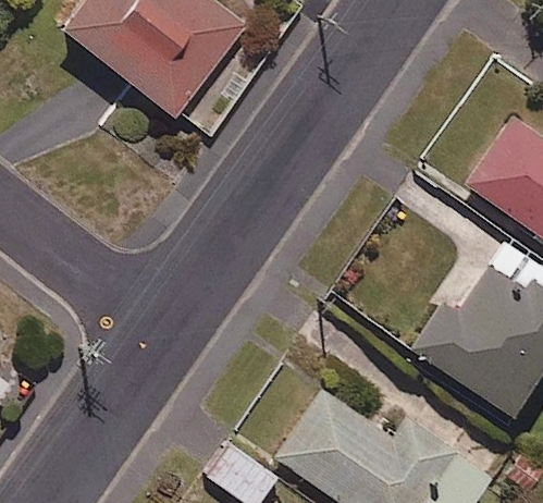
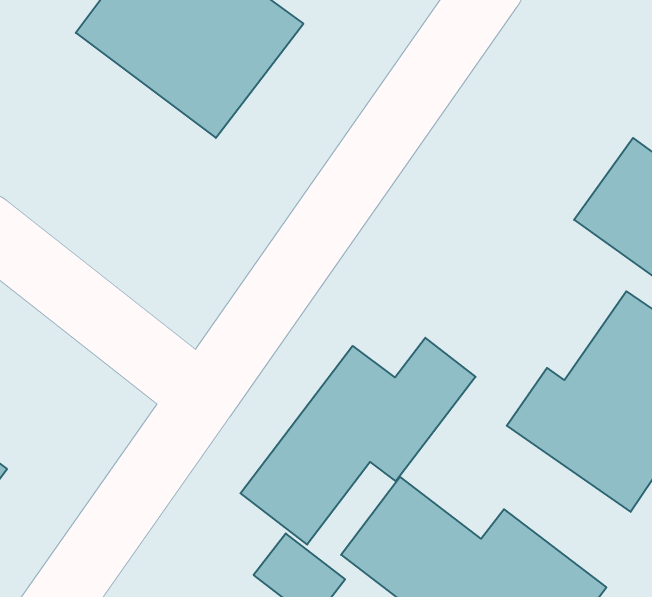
building: none -> [240,338,476,545]

